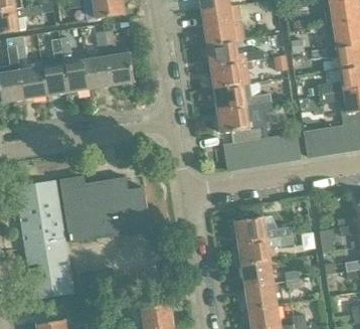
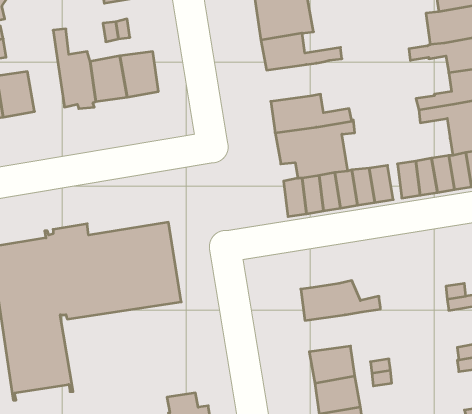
building: [40,38,67,96] -> none
building: [210,60,252,89] -> none
building: [237,235,292,266] -> none

